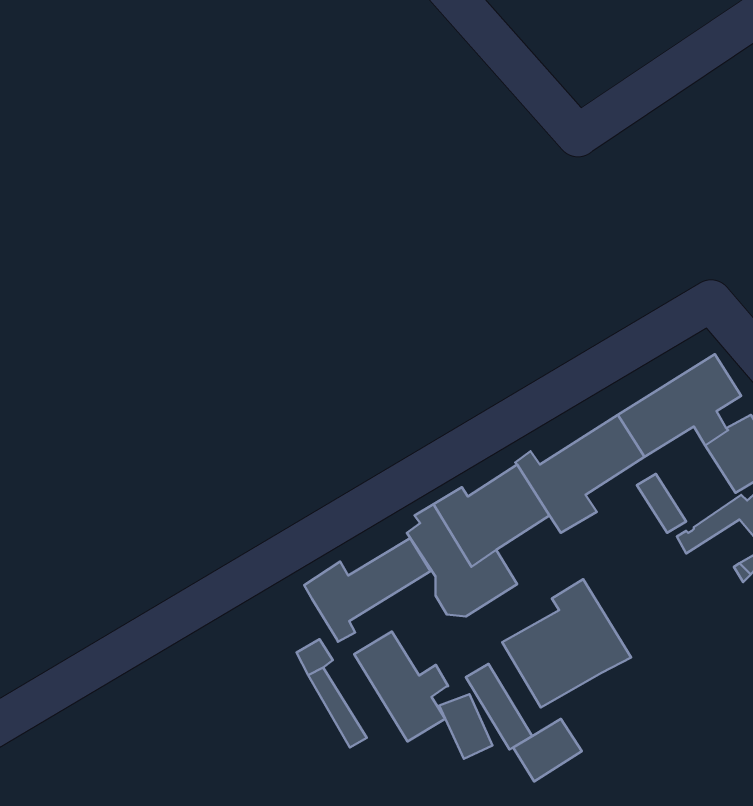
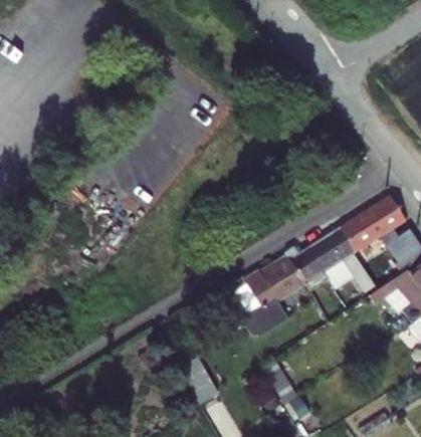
building: [304,538,431,642] -> none
building: [502,579,631,708] -> none
building: [354,631,448,742] -> none

